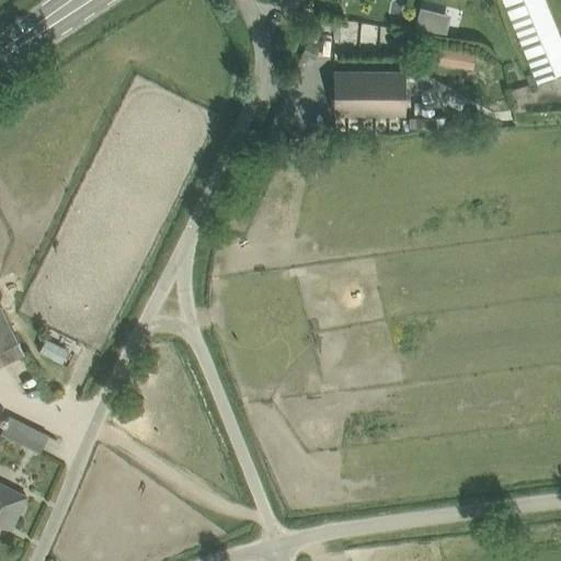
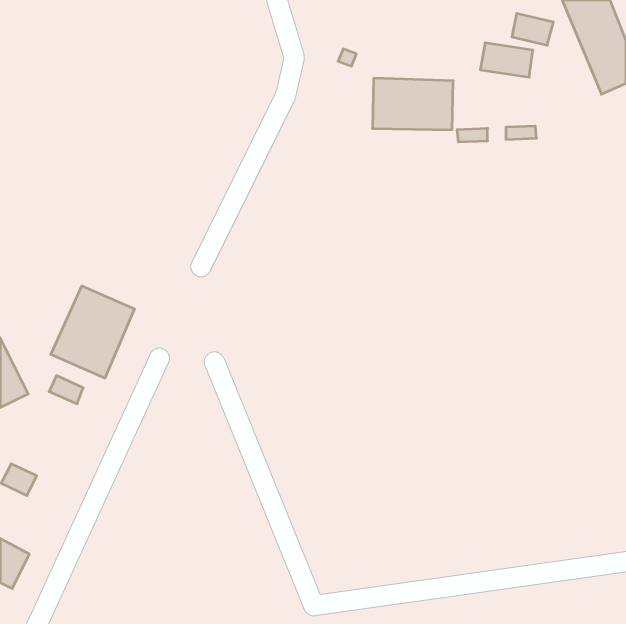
building: [414,11,451,39] -> [512,13,553,45]
building: none -> [51,286,134,378]

